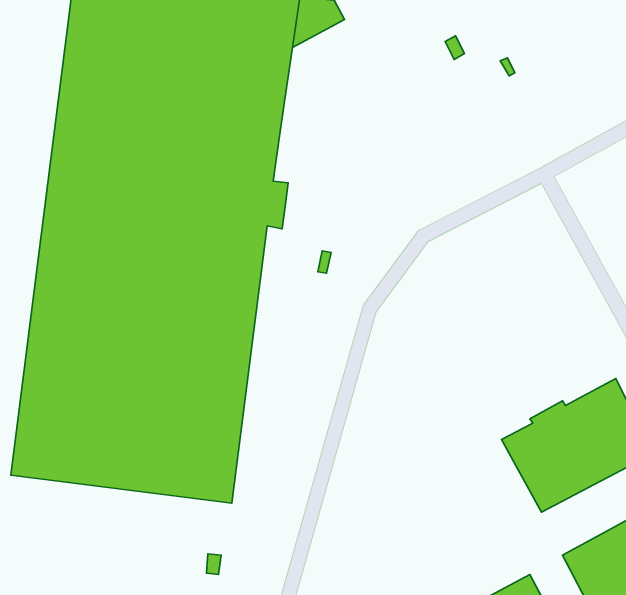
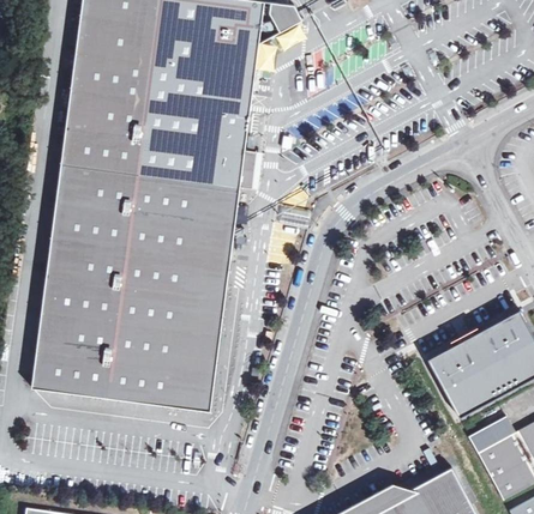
building: none -> [468,416,515,452]

